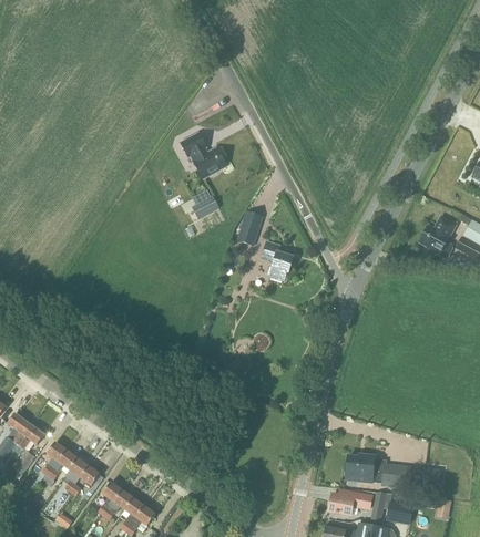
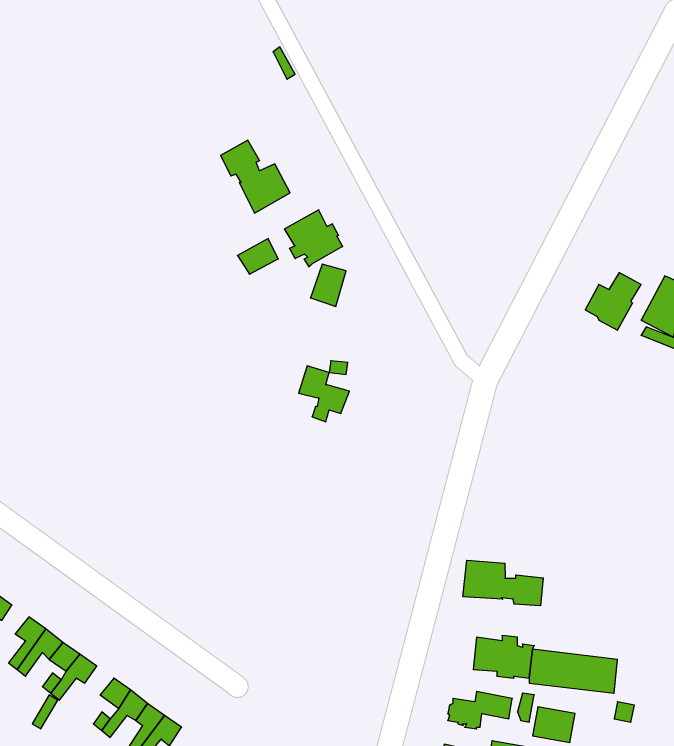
building: none -> [285,210,343,267]
building: [259,240,293,277] -> [299,366,349,422]
building: none -> [463,560,543,606]

